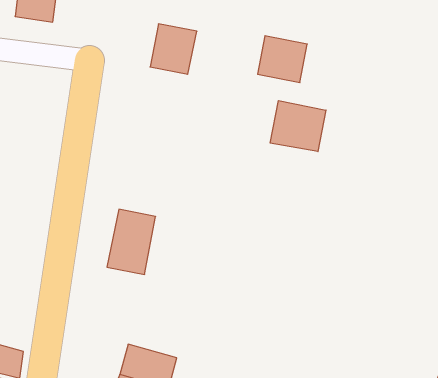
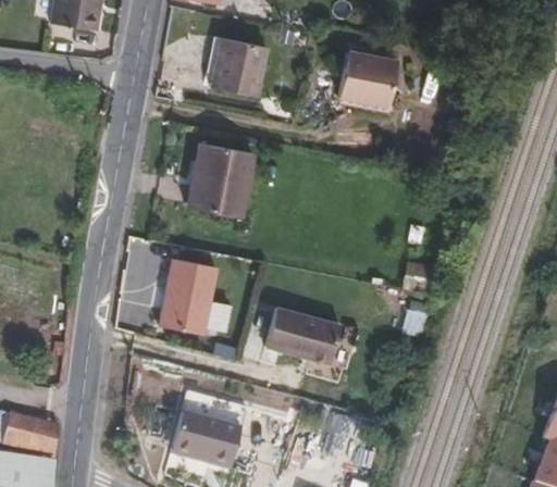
building: [270,101,326,152] -> none
building: none -> [189,139,257,214]
building: none -> [264,309,339,365]

